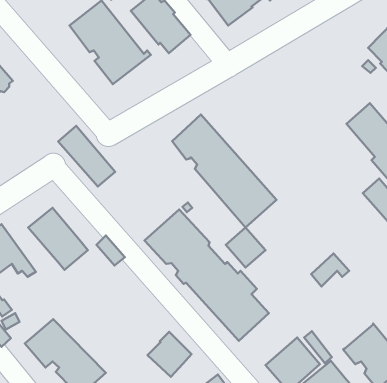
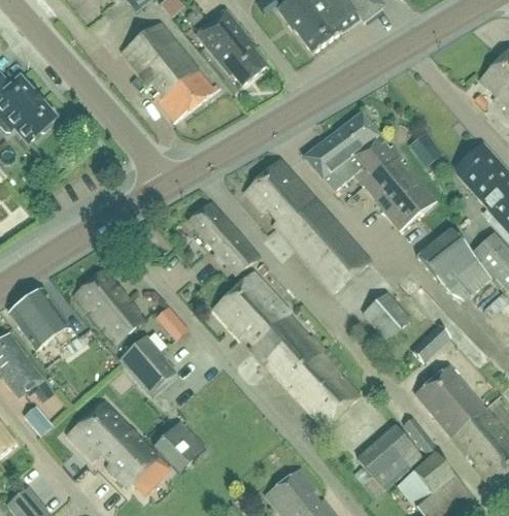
building: none -> [303,110,436,229]
building: [58,126,115,186] -> [189,201,257,273]
building: none -> [416,228,489,303]
building: [226,228,265,267] -> [363,292,410,340]
building: none -> [120,336,175,393]
building: none -> [413,365,485,438]
building: [148,332,192,377] -> [154,419,206,473]

